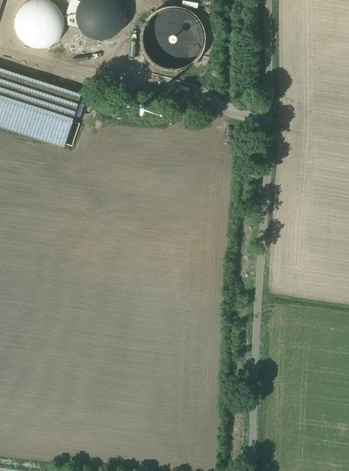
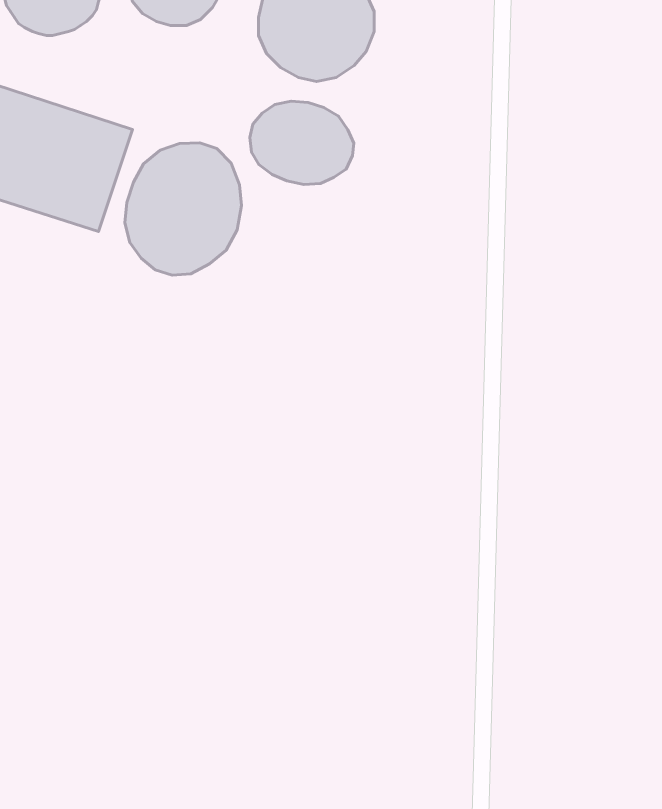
building: none -> [250,101,354,185]
building: none -> [125,143,242,275]

